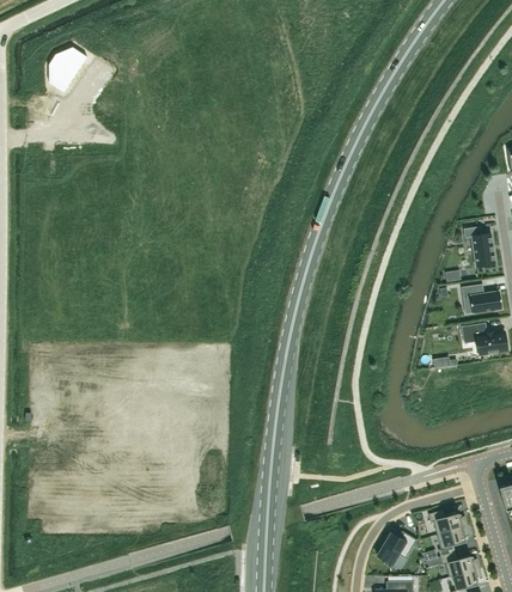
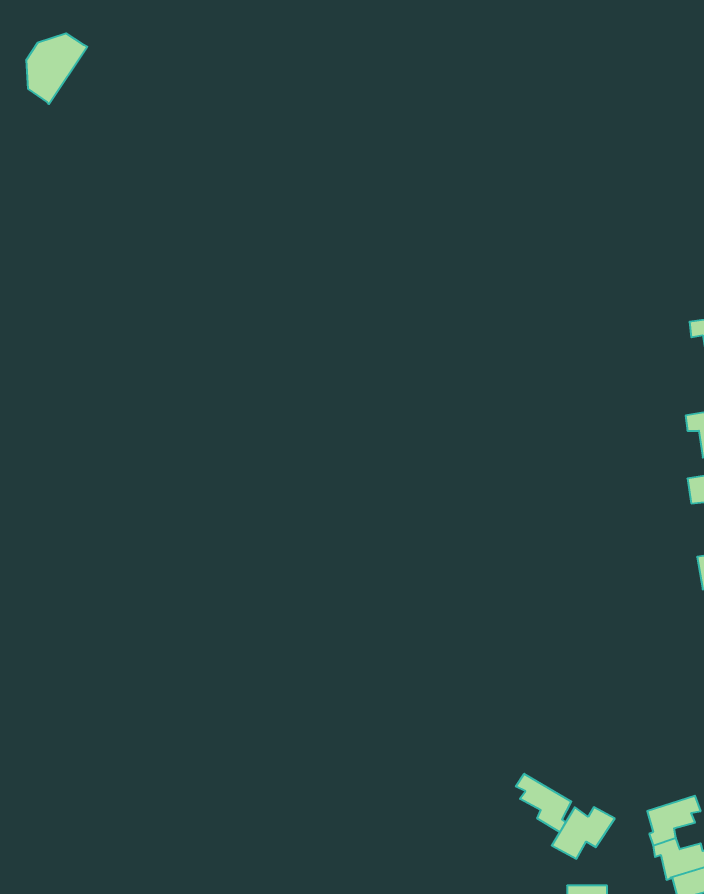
building: [428,509,467,536] -> none
building: none -> [516,774,571,832]

